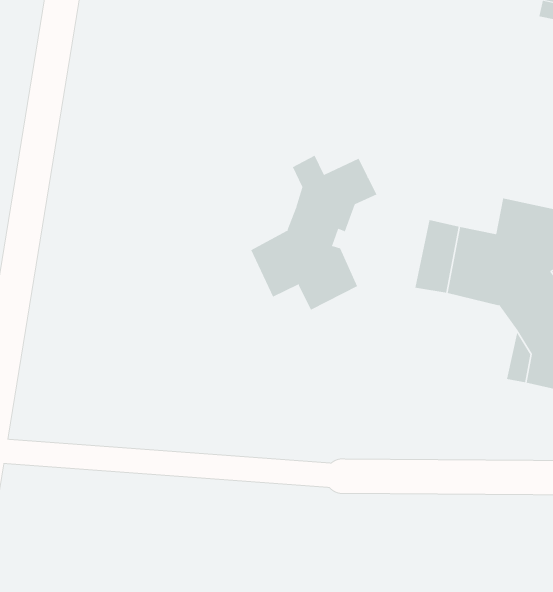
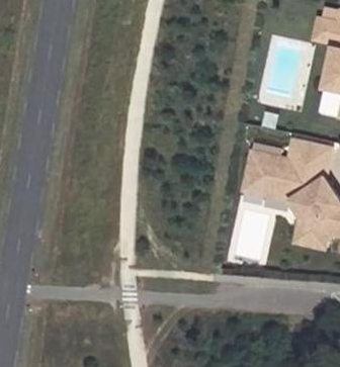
building: [250,155,377,311] -> none

